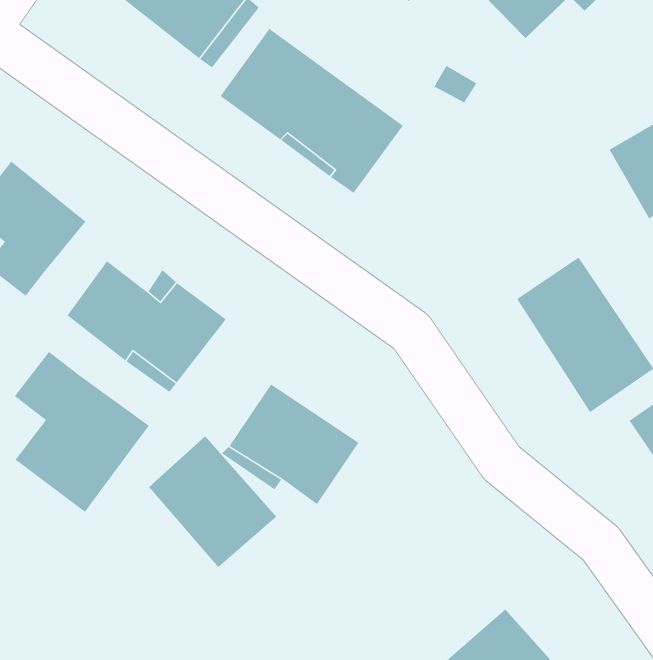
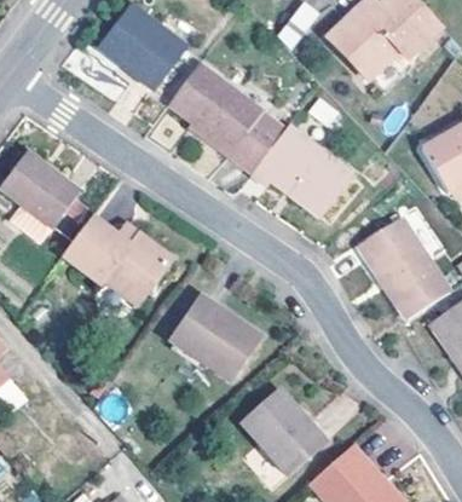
building: none -> [254,131,351,215]
building: [14,351,150,513] -> none
building: [148,436,277,568] -> [241,387,325,474]

